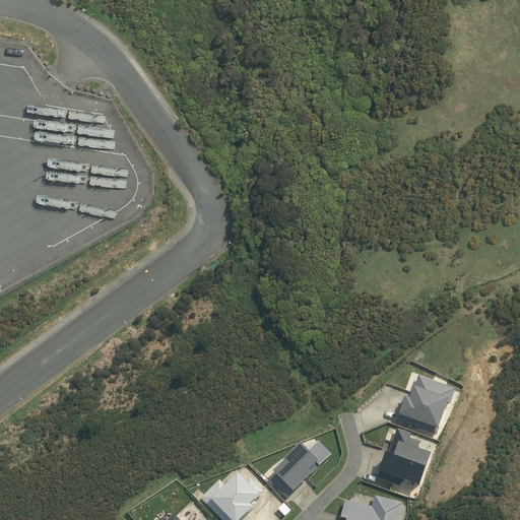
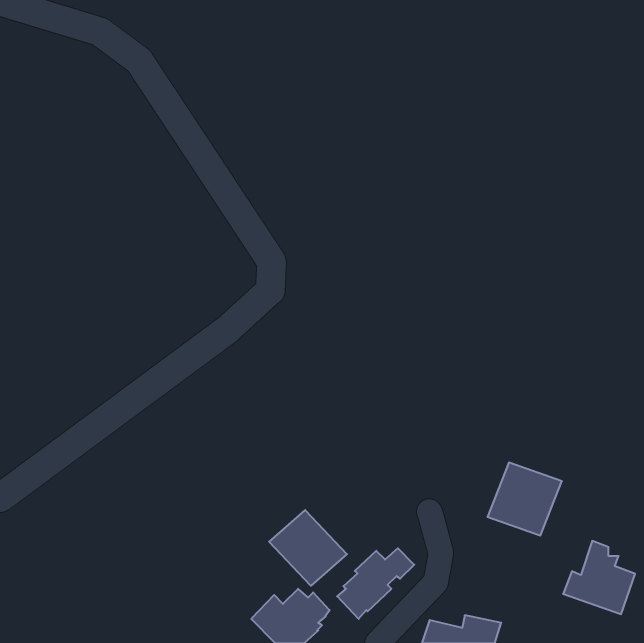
building: none -> [269,510,347,586]
building: [371,426,429,484] -> [563,541,635,614]

